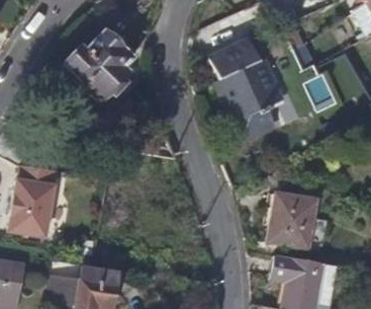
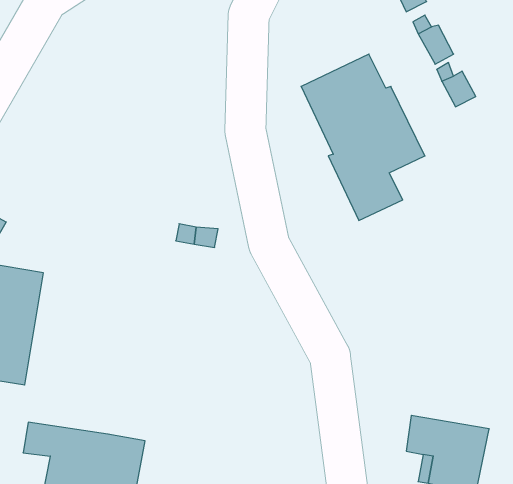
building: [65,30,131,100] -> none
building: [272,192,319,249] -> none

